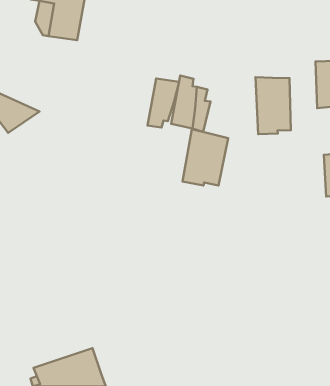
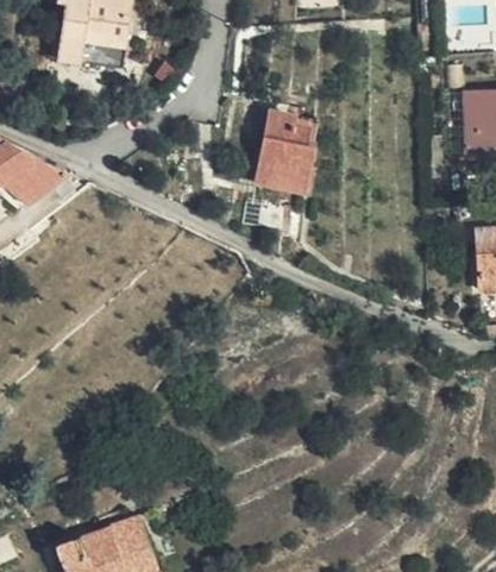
building: [256,77,291,134] -> none
building: [147,78,179,127] -> none
building: [182,129,228,186] -> none

